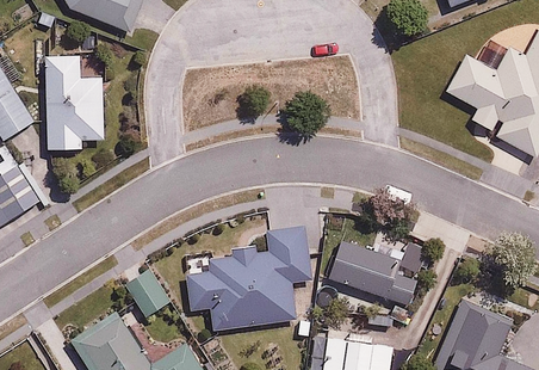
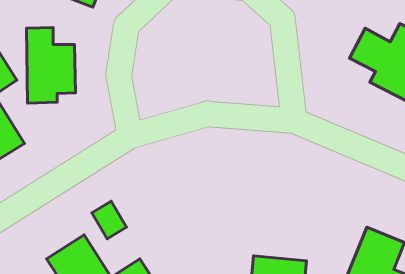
building: [187,224,314,331] -> none
building: [329,240,419,306] -> none

